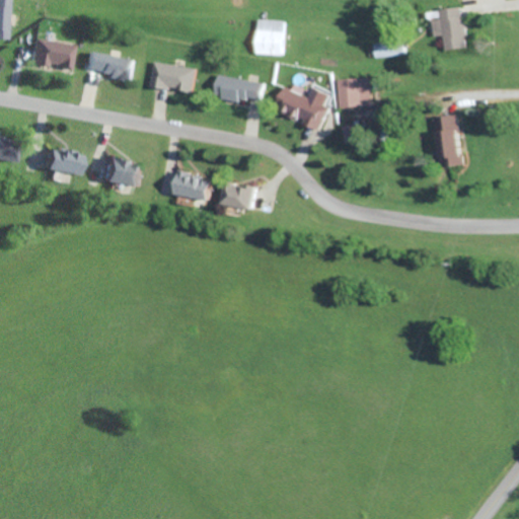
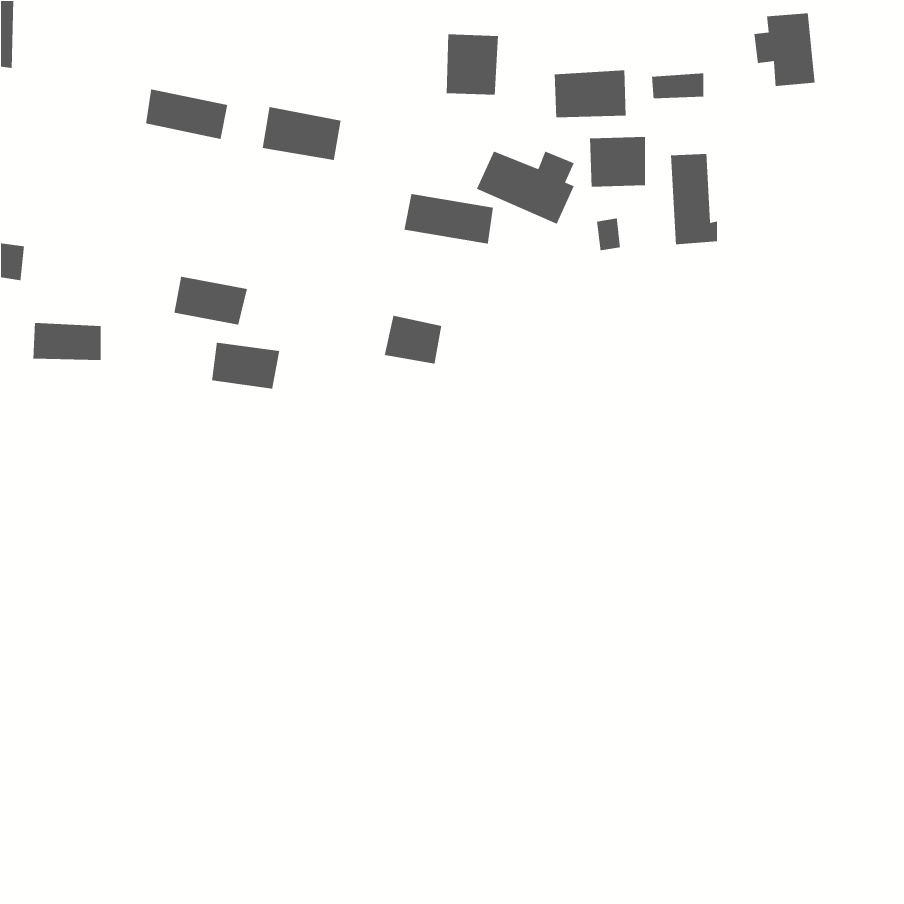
building: [27,38,73,69] -> none
building: none -> [554,70,626,118]
building: [213,74,265,103] -> [404,193,494,244]
building: [436,115,463,167] -> [670,153,718,245]
building: [41,150,80,172] -> [32,322,101,361]
building: [170,172,210,200] -> [211,342,280,390]

